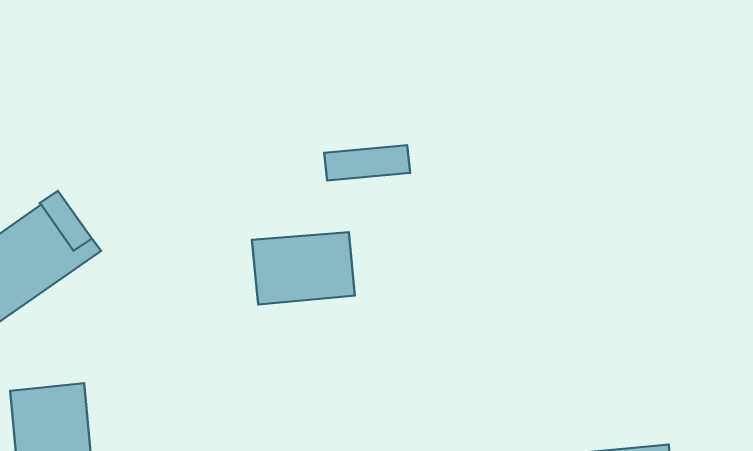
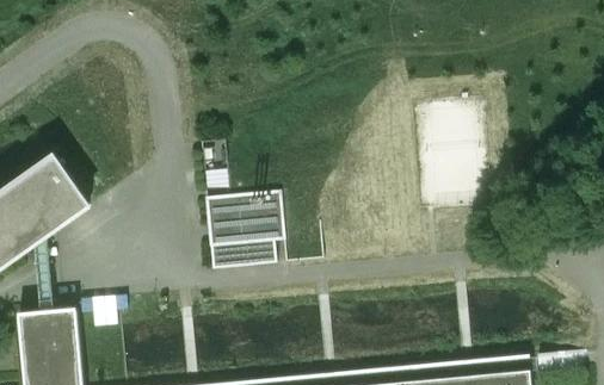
building: [324,145,410,181] -> [210,242,277,269]

